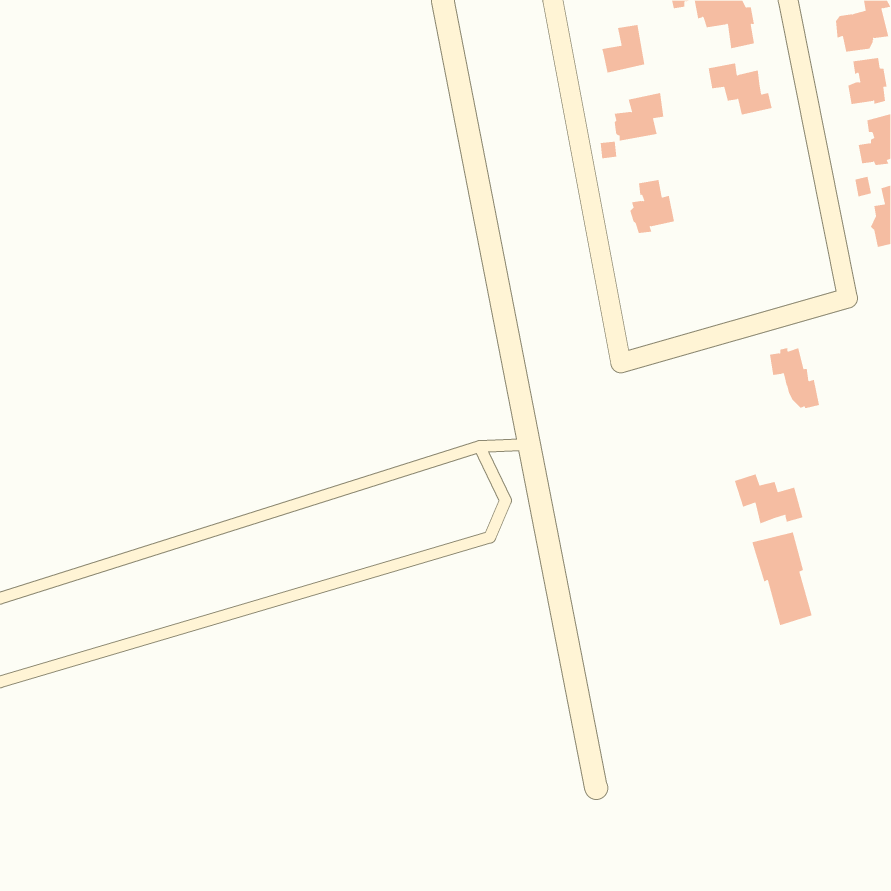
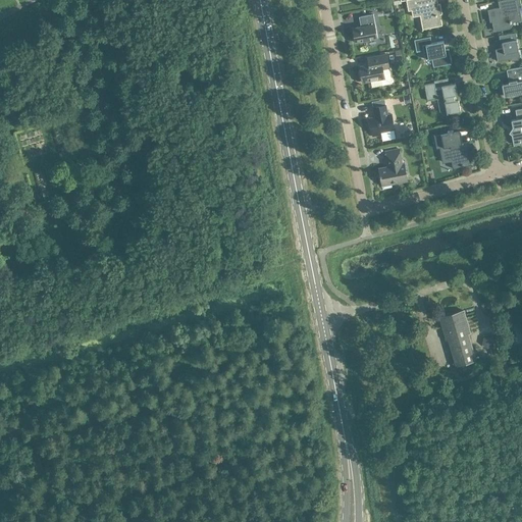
building: none -> [424,83,460,113]
building: none -> [379,149,407,186]
building: [769,348,820,409] -> [441,130,471,166]
building: [734,473,803,524] -> none

